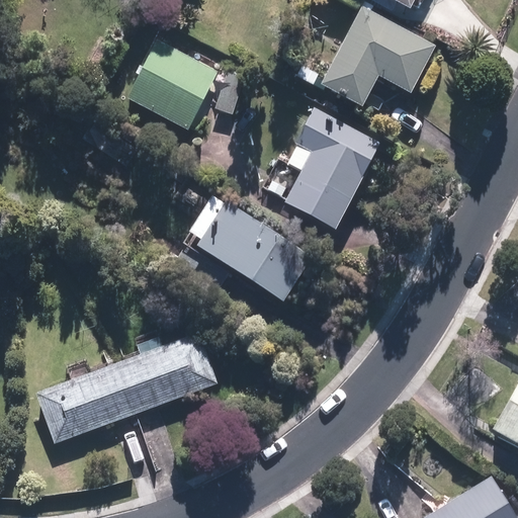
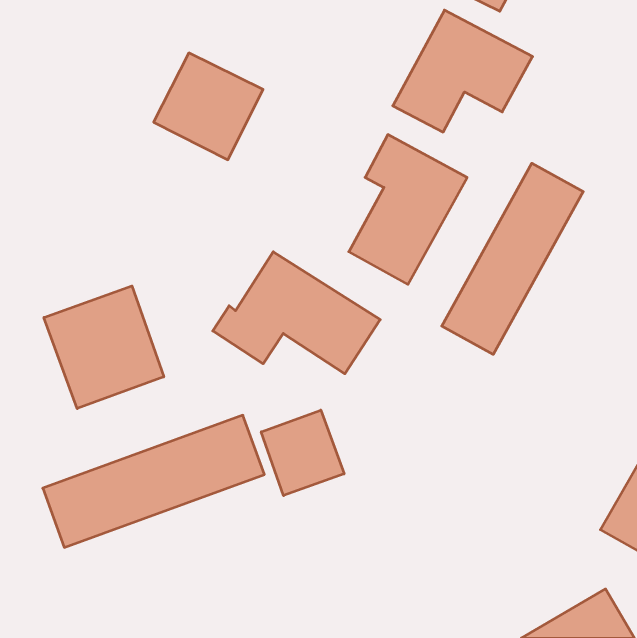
building: none -> [442,163,583,354]
building: none -> [44,286,164,409]
building: none -> [261,410,344,496]

